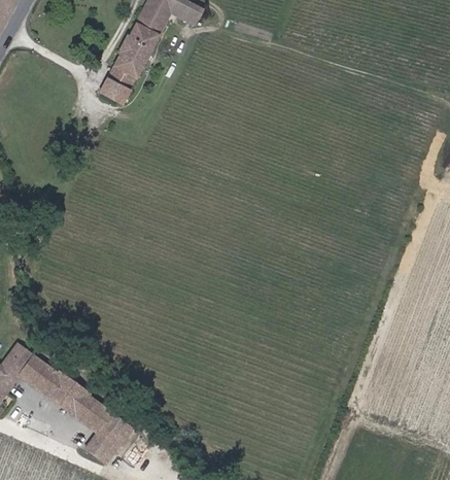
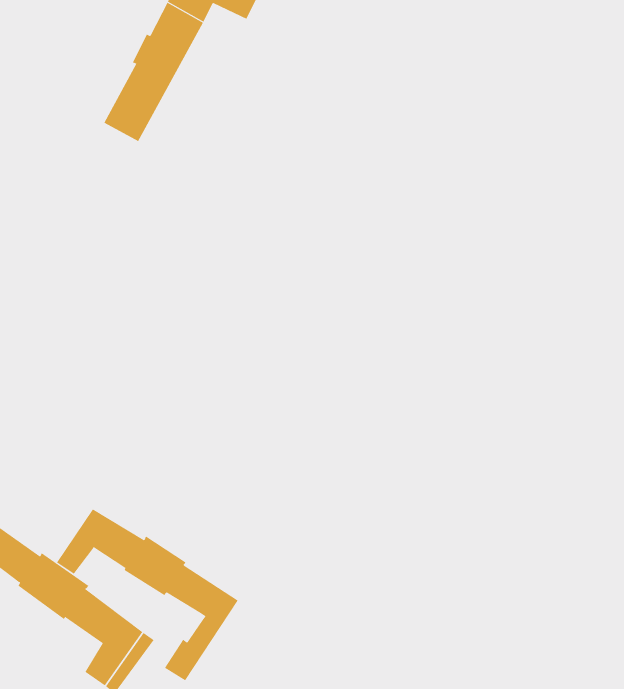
building: none -> [56,509,239,681]

